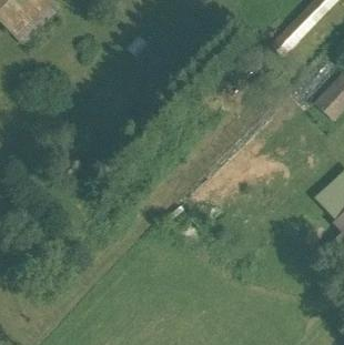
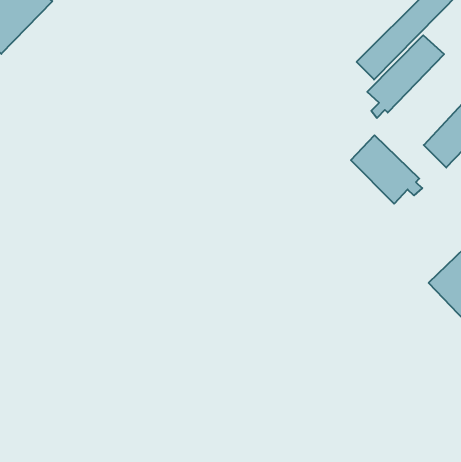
building: none -> [367,35,444,118]
building: none -> [351,135,422,204]

